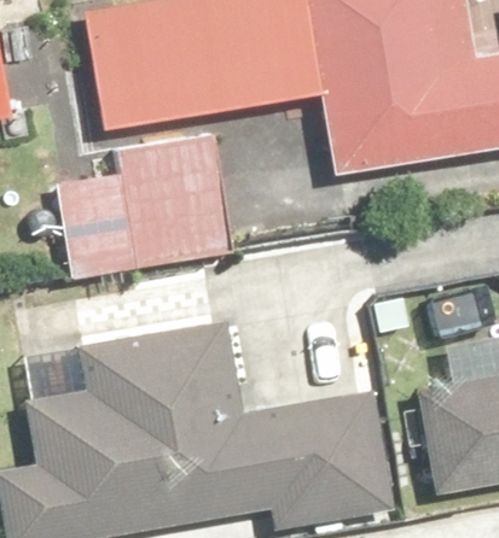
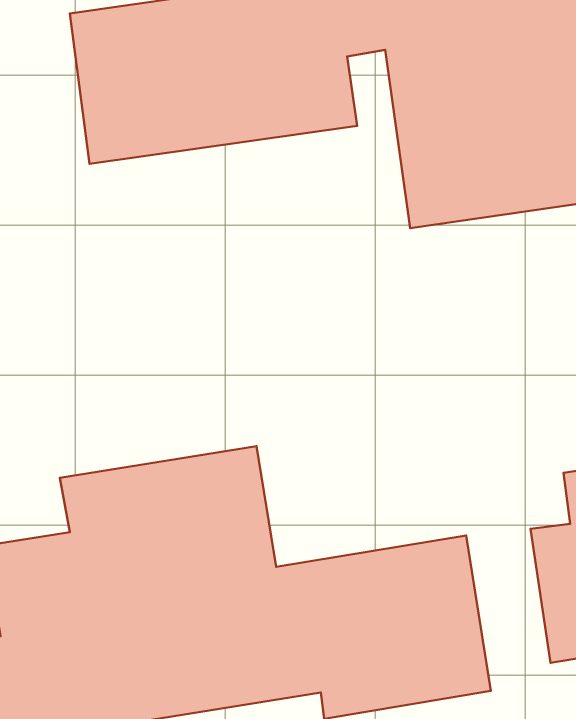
building: [57,138,236,280] -> none

